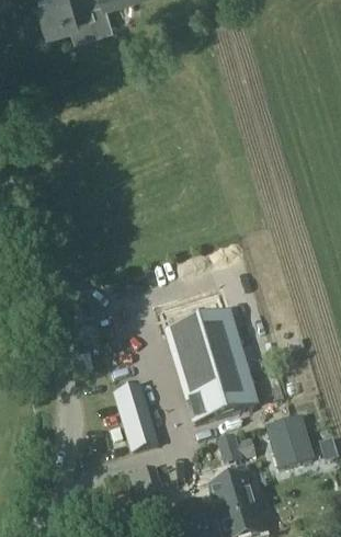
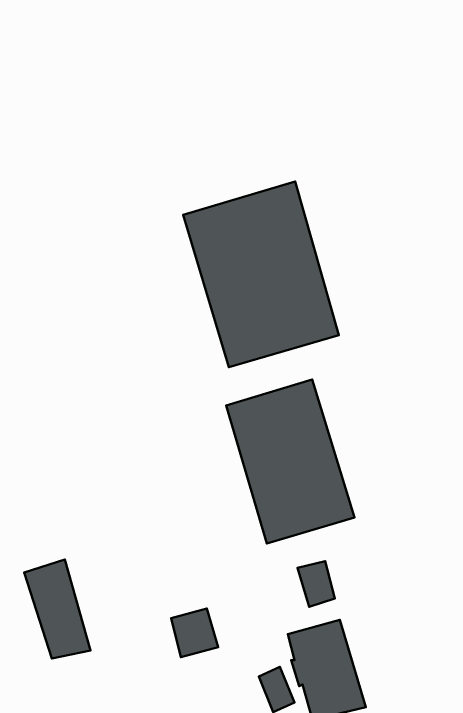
building: none -> [183,182,339,367]
building: [114,381,159,448] -> [24,560,91,659]
building: [270,407,318,460] -> none

